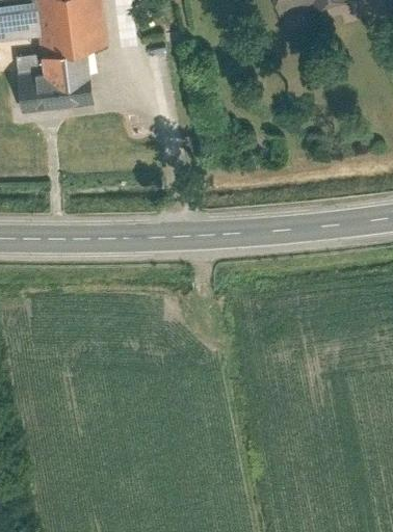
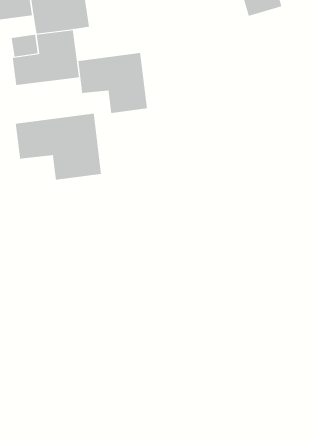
building: none -> [78,52,148,114]
building: none -> [15,113,102,181]

